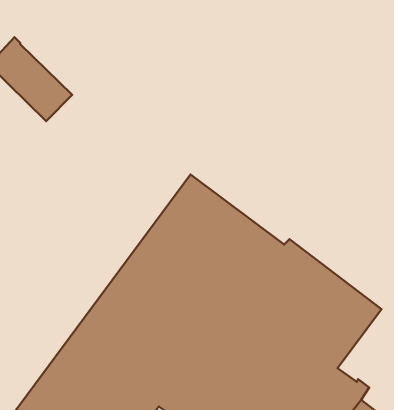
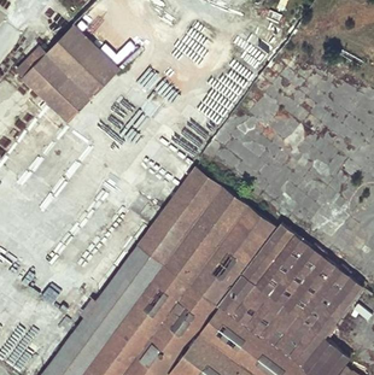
building: none -> [45,25,117,98]

